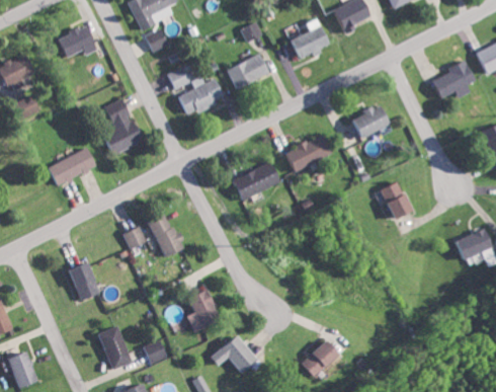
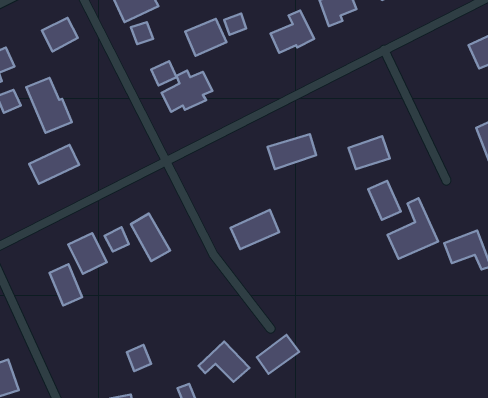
building: [227,54,266,89] -> [185,19,226,56]
building: [425,60,470,99] -> none
building: [102,98,146,151] -> [26,78,72,133]
building: [344,105,384,137] -> [348,136,390,169]
building: [237,161,283,199] -> [231,210,279,249]
building: none -> [387,198,438,259]
building: none -> [68,233,107,274]
building: [188,291,223,332] -> none
building: [99,325,133,370] -> none
building: [302,339,342,377] -> [257,335,299,374]

